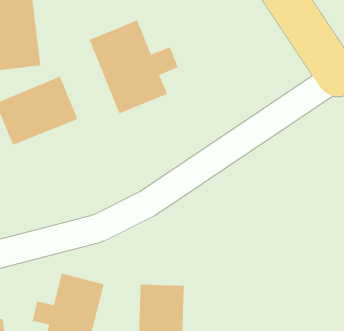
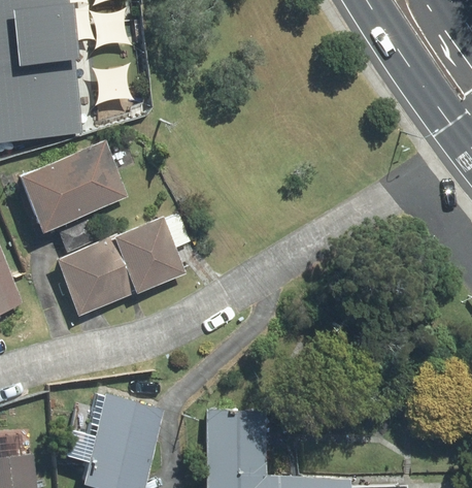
building: [89,19,179,114] -> none
building: none -> [58,218,186,315]

